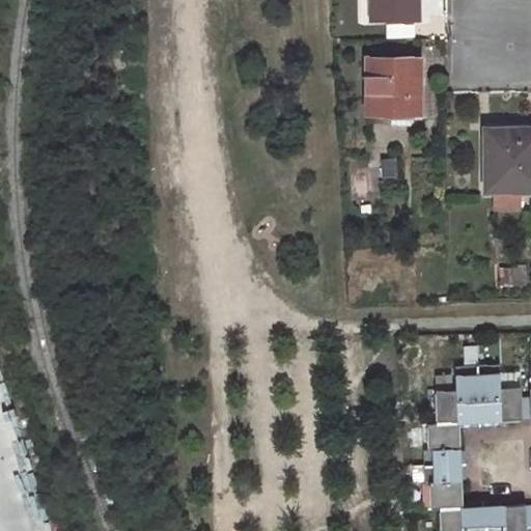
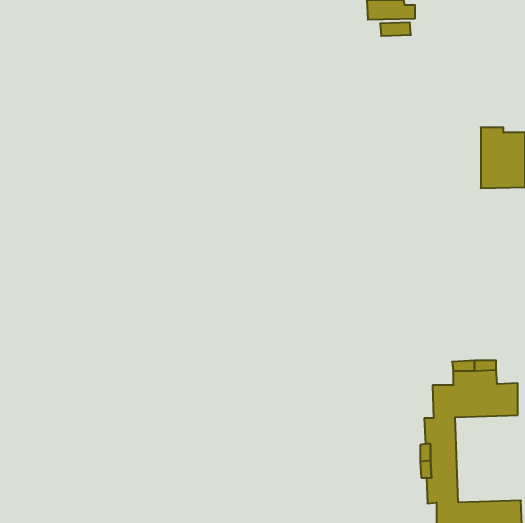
building: [366,59,420,117] -> none

